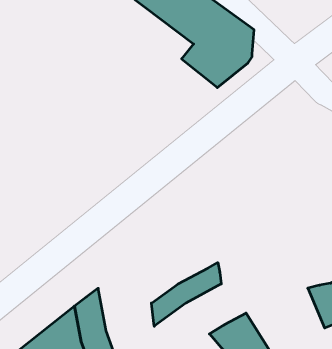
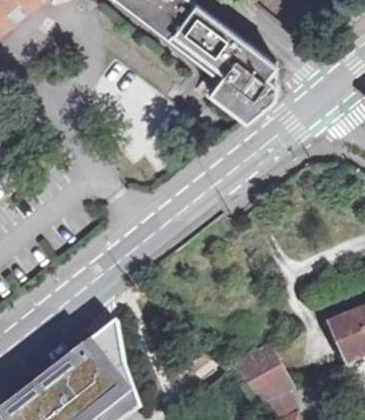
building: [151,263,221,326] -> none

